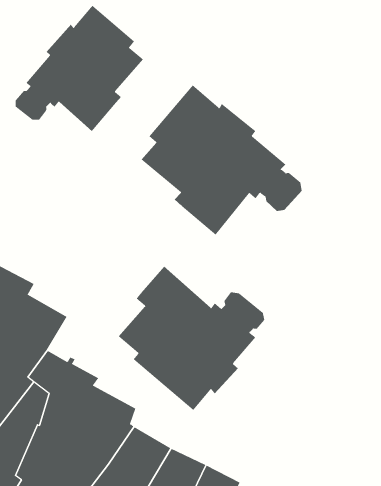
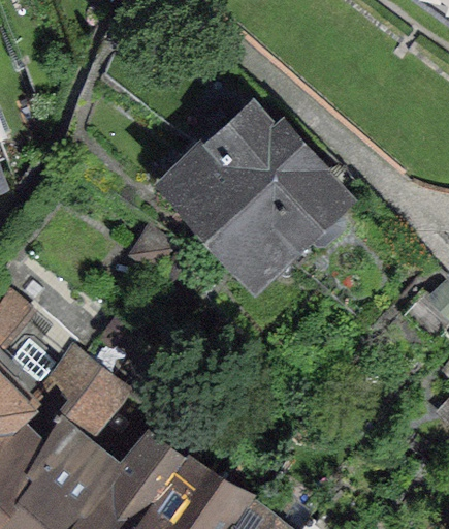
building: [15,5,144,132] -> none
building: [118,266,265,411] -> none

